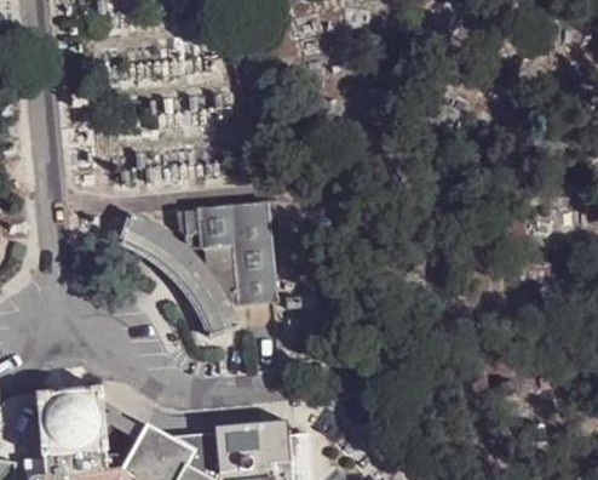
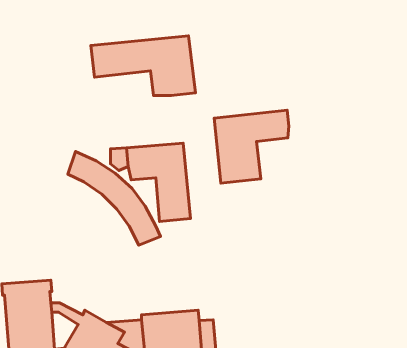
building: none -> [91,36,195,96]
building: none -> [214,110,289,183]

